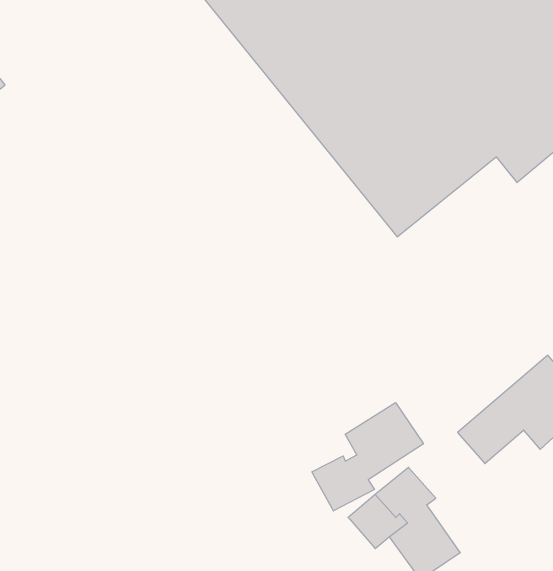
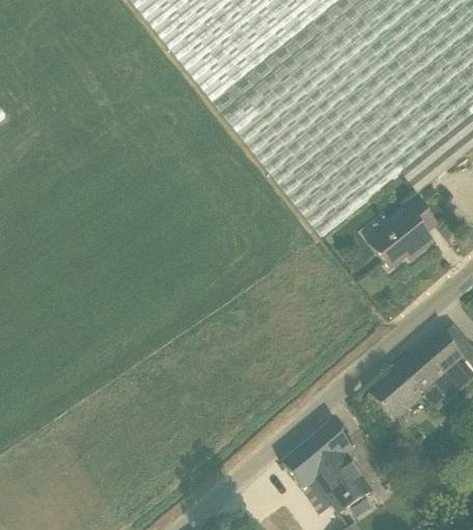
building: none -> [369,200,436,268]
building: [312,403,423,511] -> none

